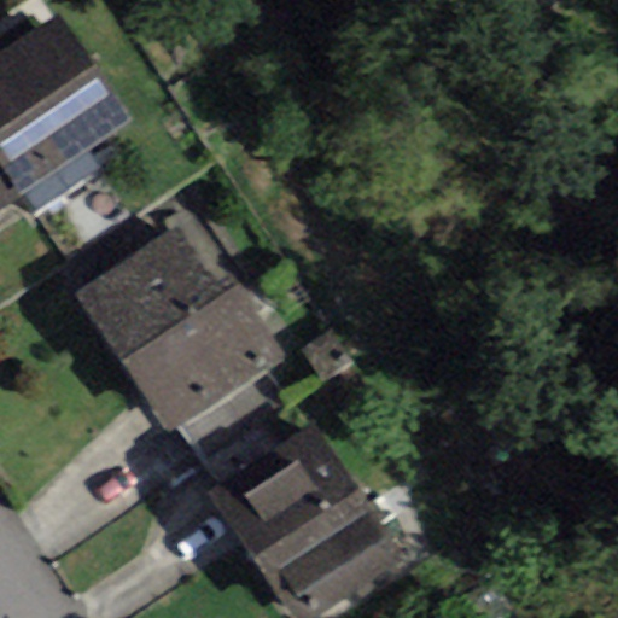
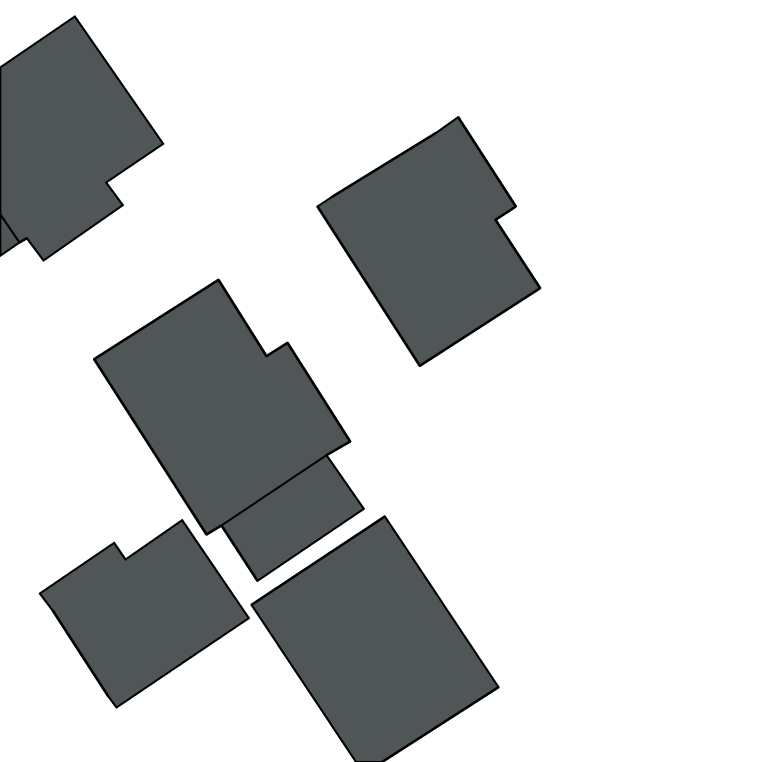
building: none -> [318,117,540,366]
building: none -> [40,520,249,708]

